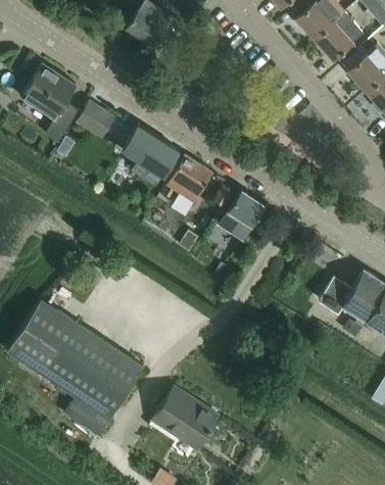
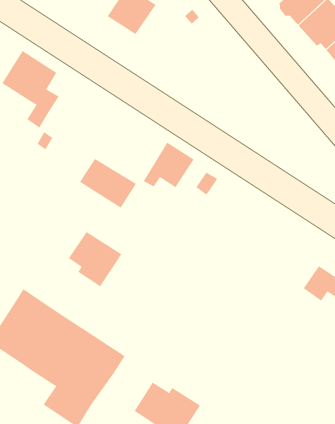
building: [78,101,114,136] -> none
building: [123,126,180,176] -> [79,158,137,209]
building: [218,191,266,242] -> none
building: none -> [68,231,122,287]

